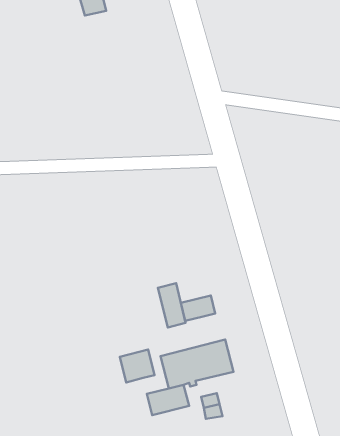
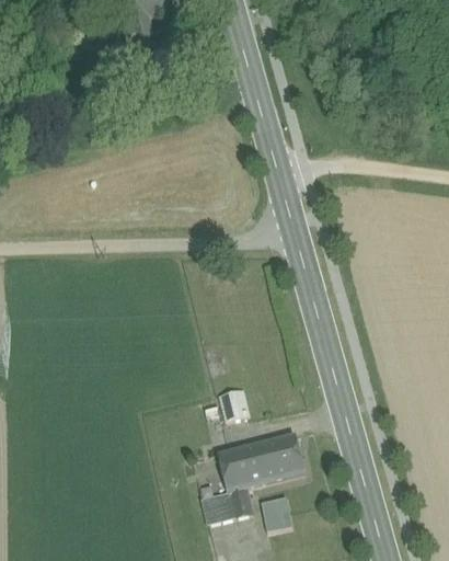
building: [181,295,215,321] -> none
building: [120,350,155,382] -> none

